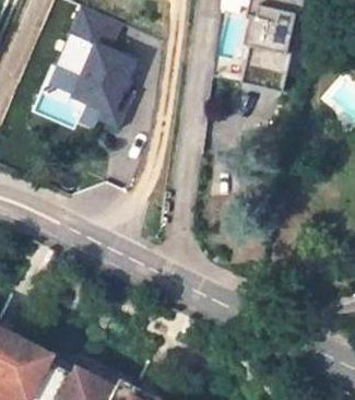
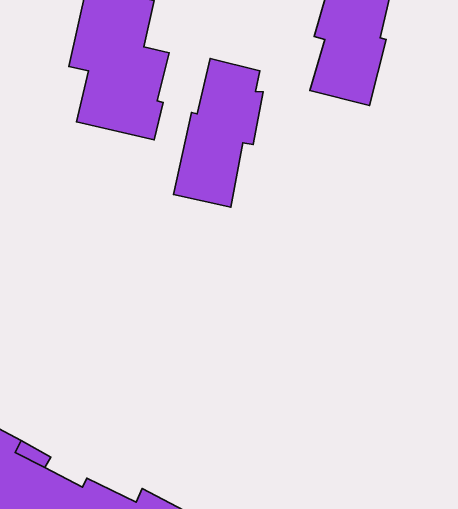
building: none -> [173,59,263,207]

